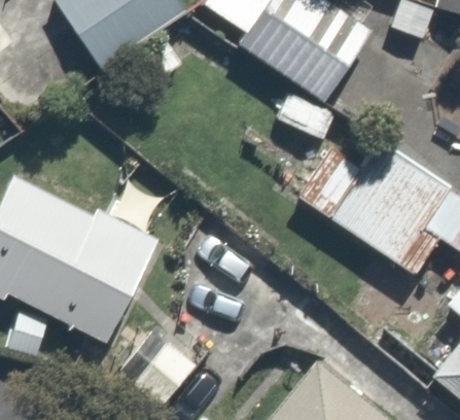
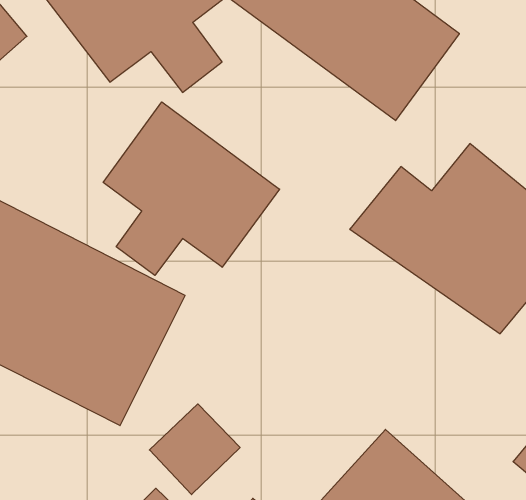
building: none -> [103,102,280,275]

